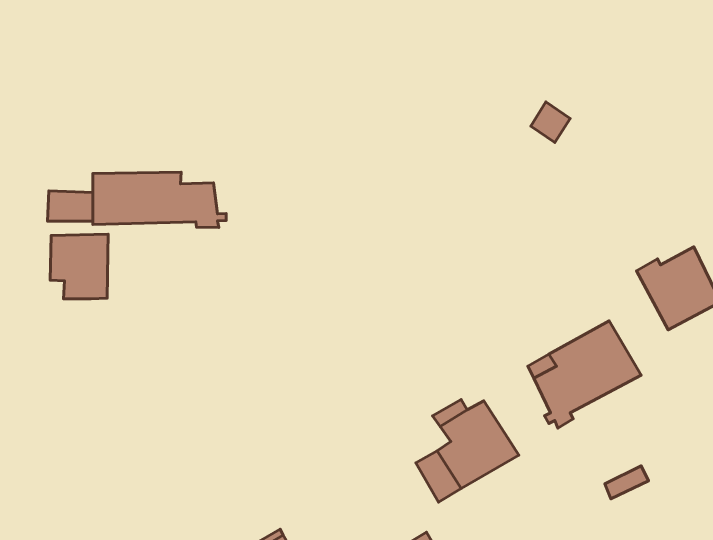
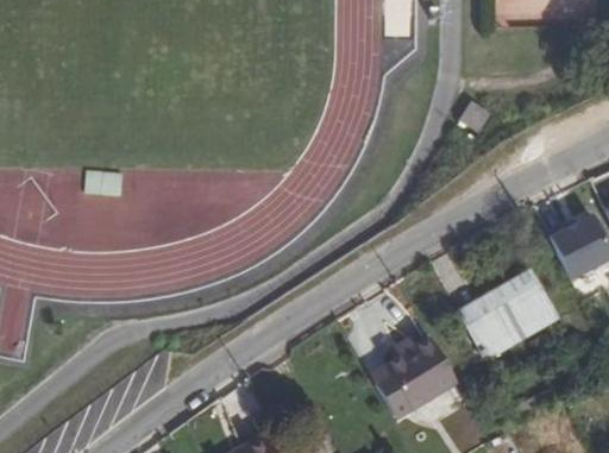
building: [93,172,226,227] -> none
building: [50,234,108,299] -> none

